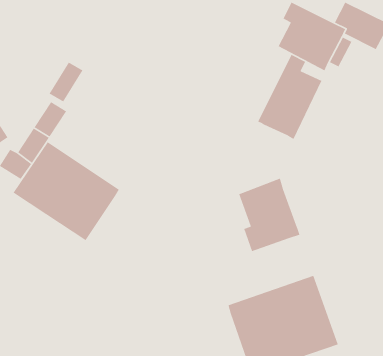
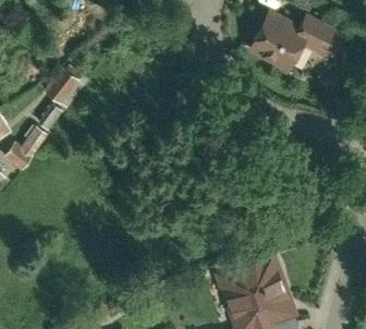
building: [257,54,322,140] -> none
building: [12,141,120,241] -> none
building: [238,178,300,252] -> none

